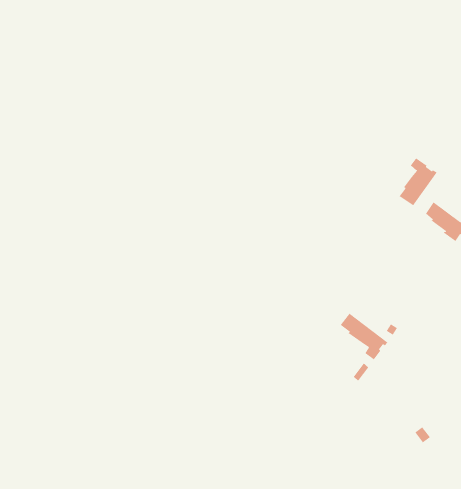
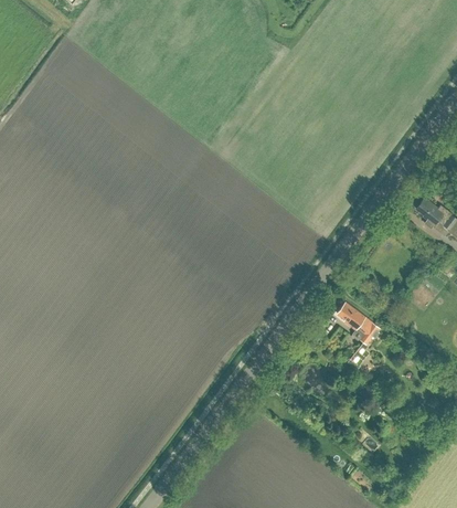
building: [399,157,438,206] -> none

